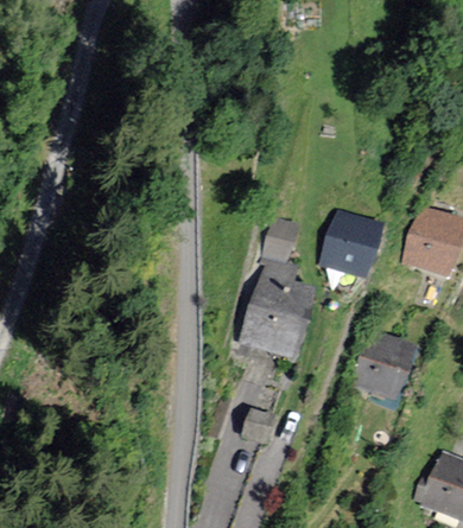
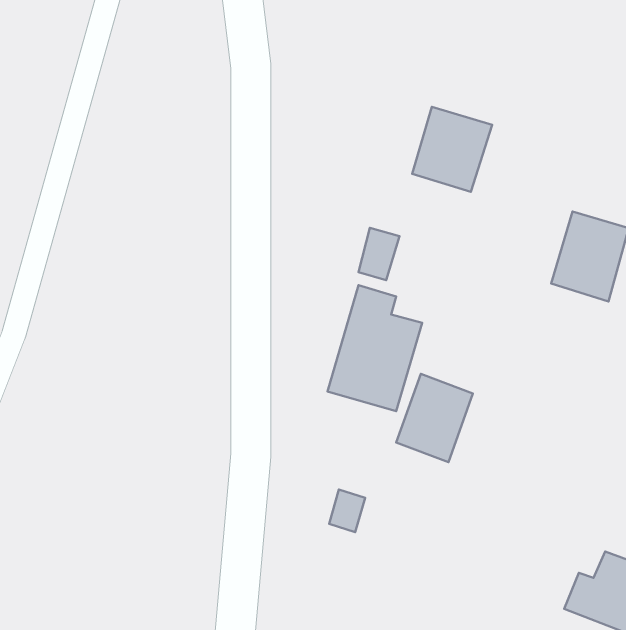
building: [323,212,381,274] -> [412,107,492,192]
building: [357,333,413,397] -> [396,374,473,462]

